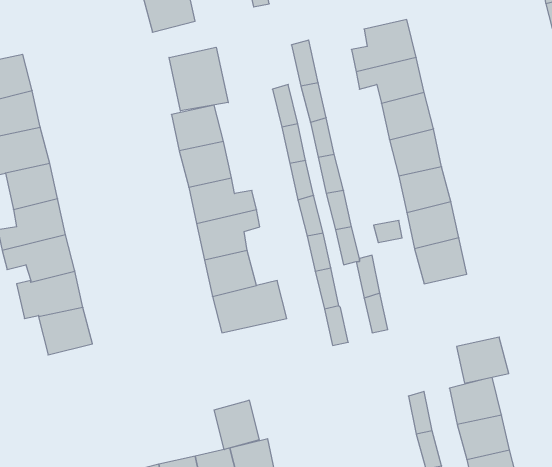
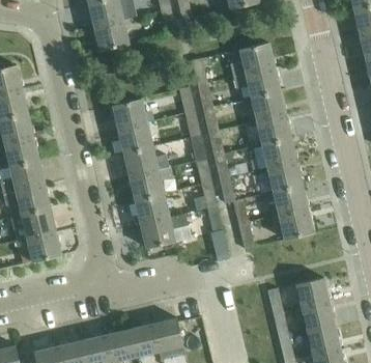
building: [169,47,228,111] -> none
building: [457,337,509,383] -> [279,211,313,241]
building: [214,400,259,450] -> none

